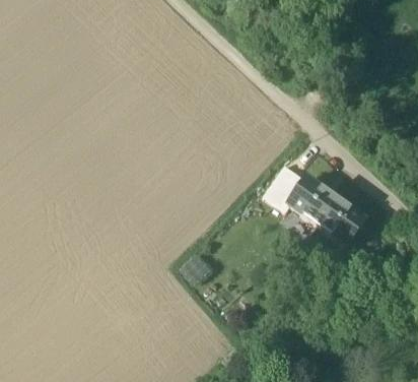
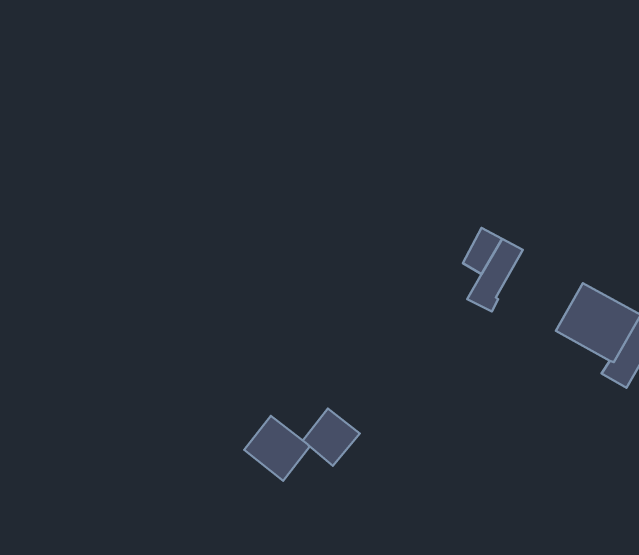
building: [288,178,335,222] -> none
building: none -> [244,416,310,481]

